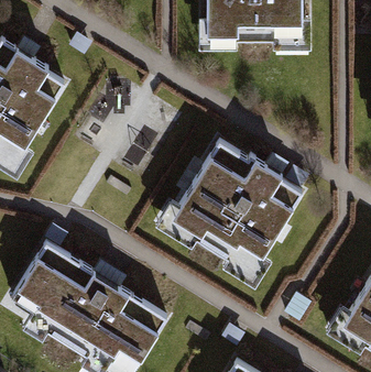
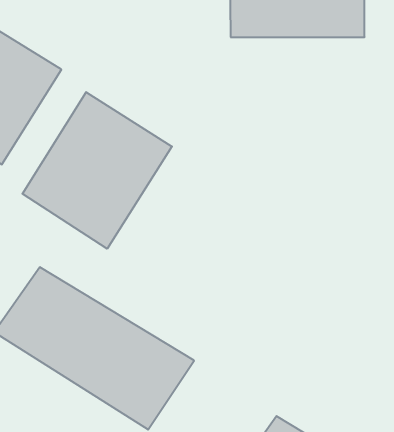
building: none -> [22,92,172,249]
building: [167,136,298,265] -> none

